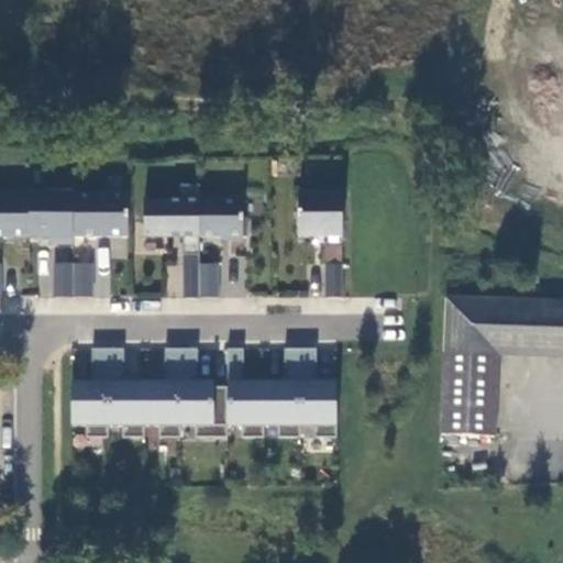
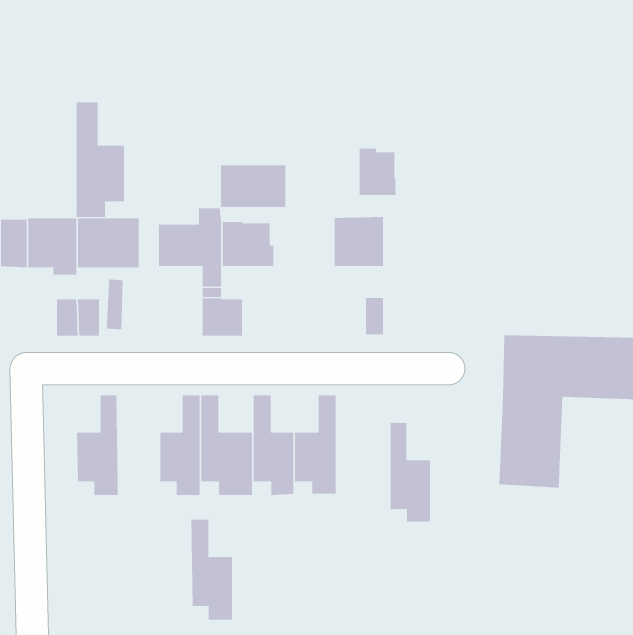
building: none -> [76,102,124,218]
building: none -> [359,148,396,196]
building: none -> [221,165,286,208]
building: [107,349,144,438] -> [190,519,233,620]
building: [300,349,336,437] -> [390,423,431,522]

